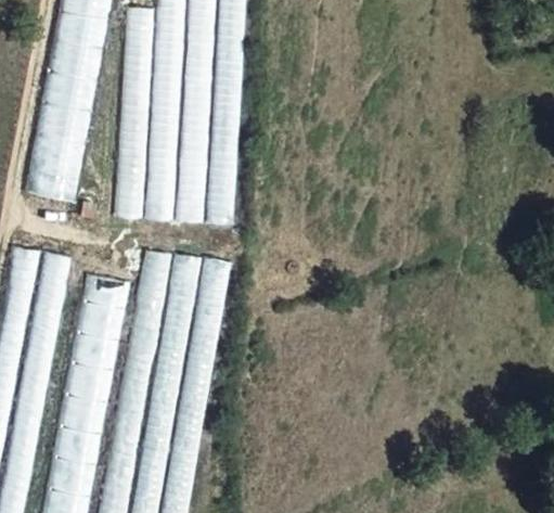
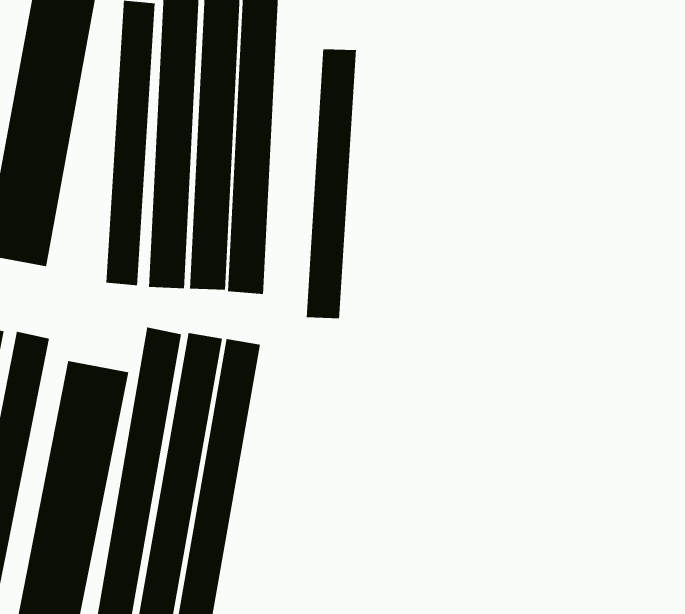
building: none -> [306,48,356,319]

